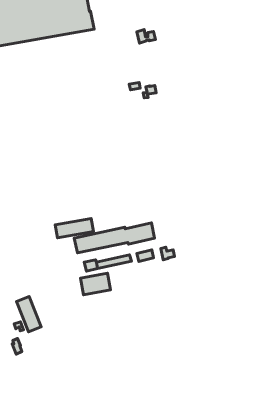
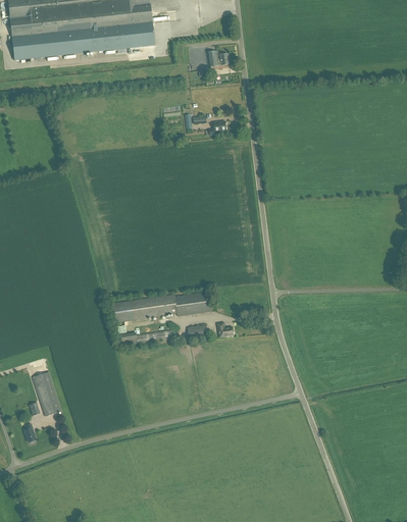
building: [55,219,93,238] -> none
building: [81,273,111,295] -> none

